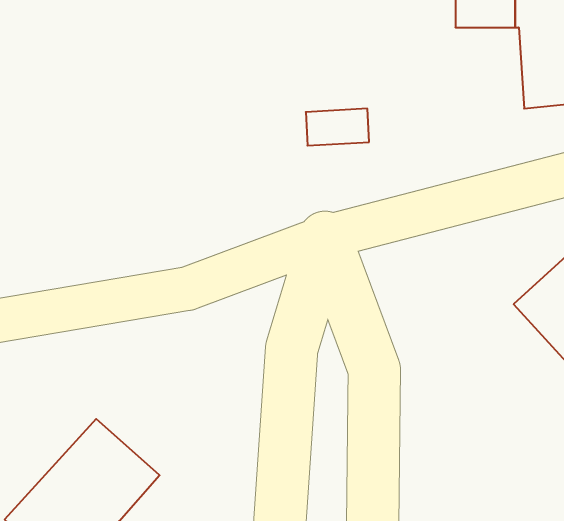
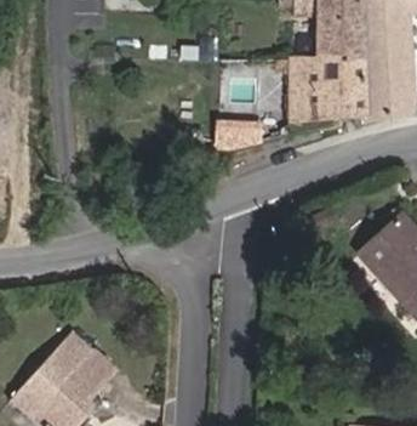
building: none -> [291,62,367,123]

